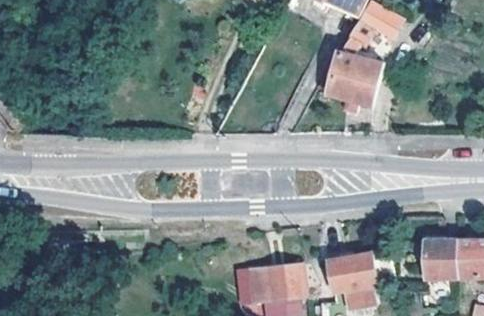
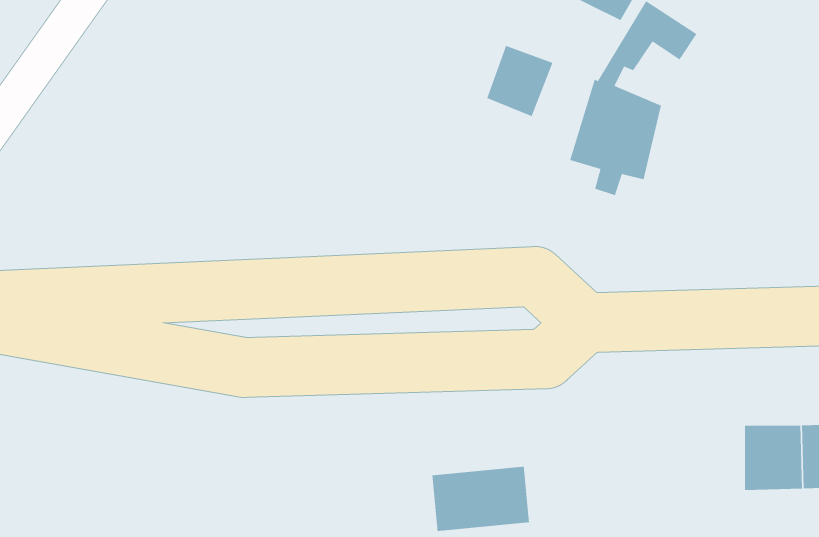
building: none -> [486,45,554,117]
building: [328,251,379,298] -> none

